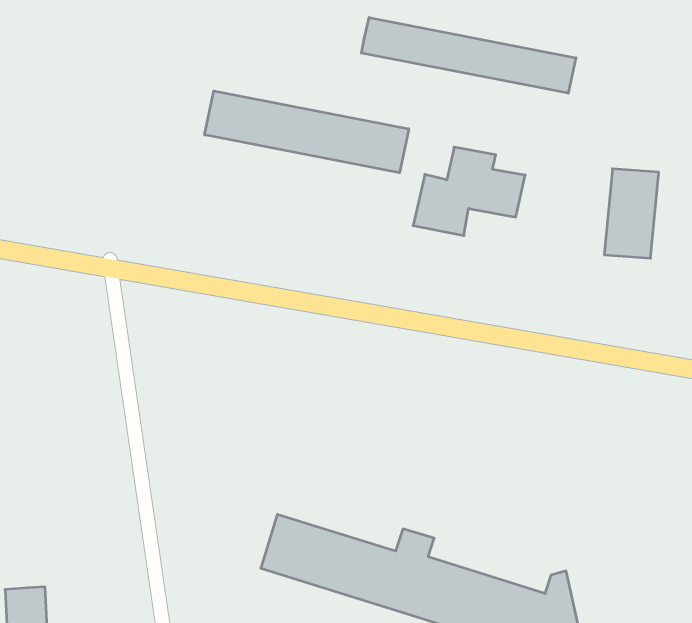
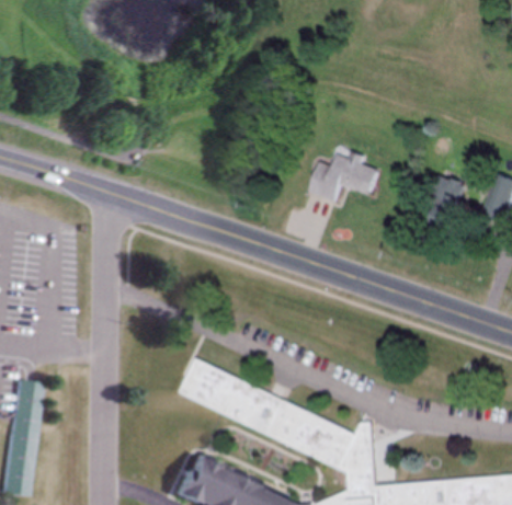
building: [361,17,576,93] -> none
building: [205,91,409,173] -> none

